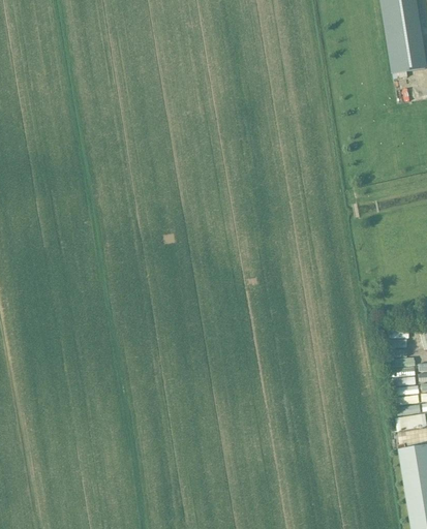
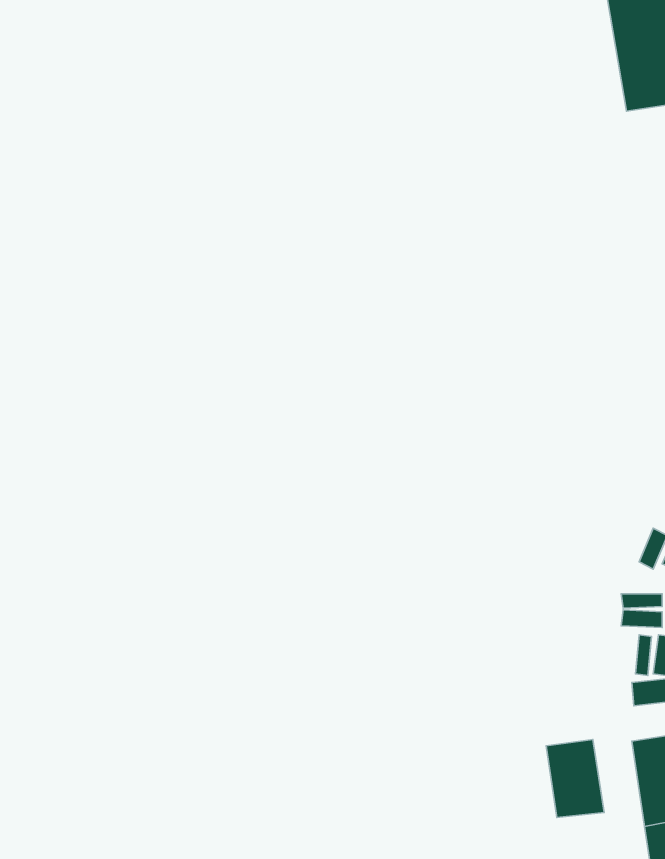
building: none -> [546,739,604,817]

